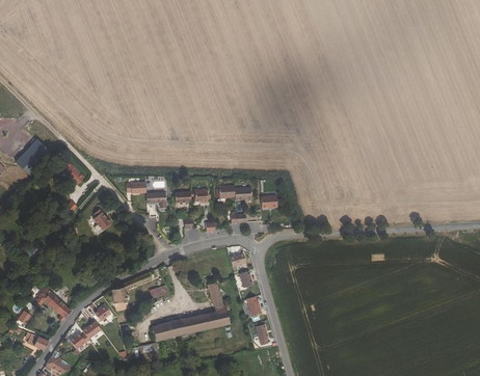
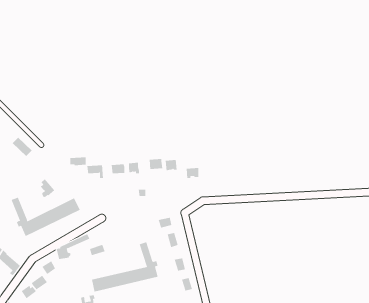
building: none -> [11,197,81,237]

